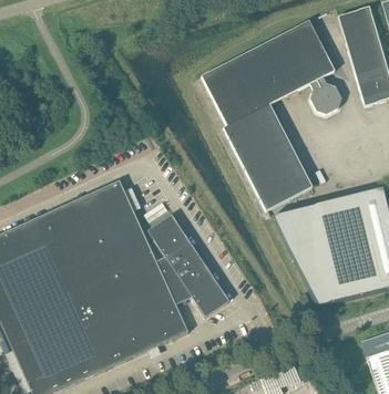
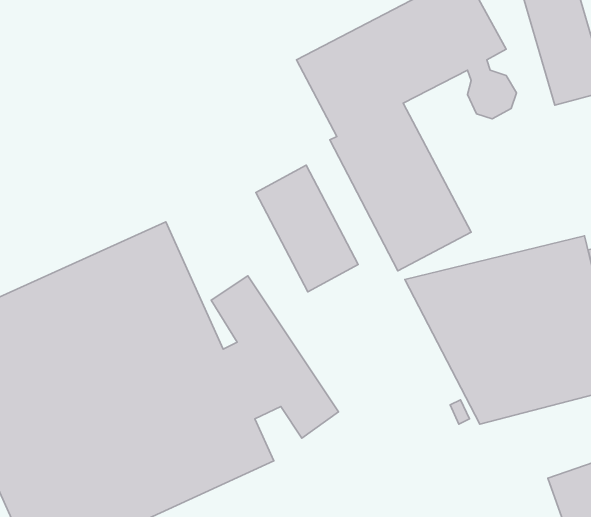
building: none -> [256,165,358,292]

